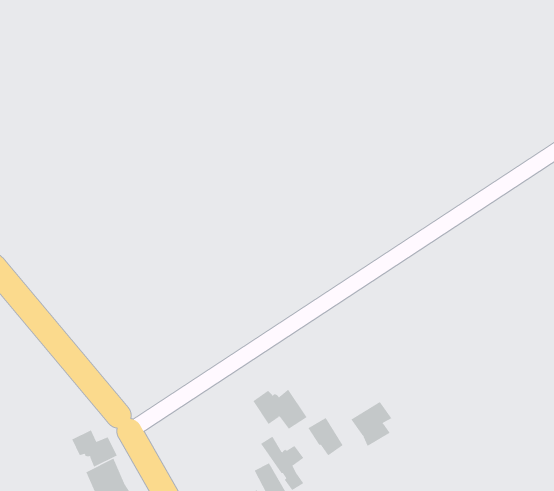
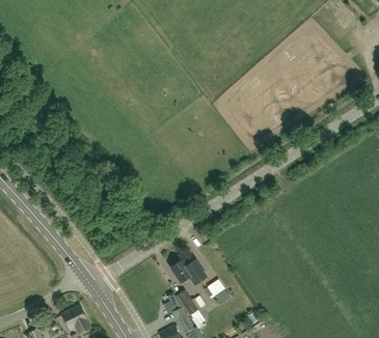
building: [351,401,392,447] -> none
building: [71,429,118,468] -> none

